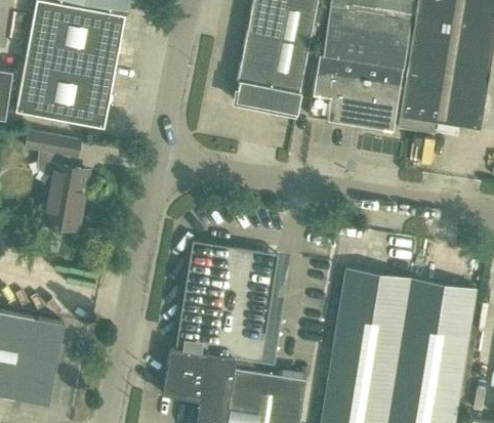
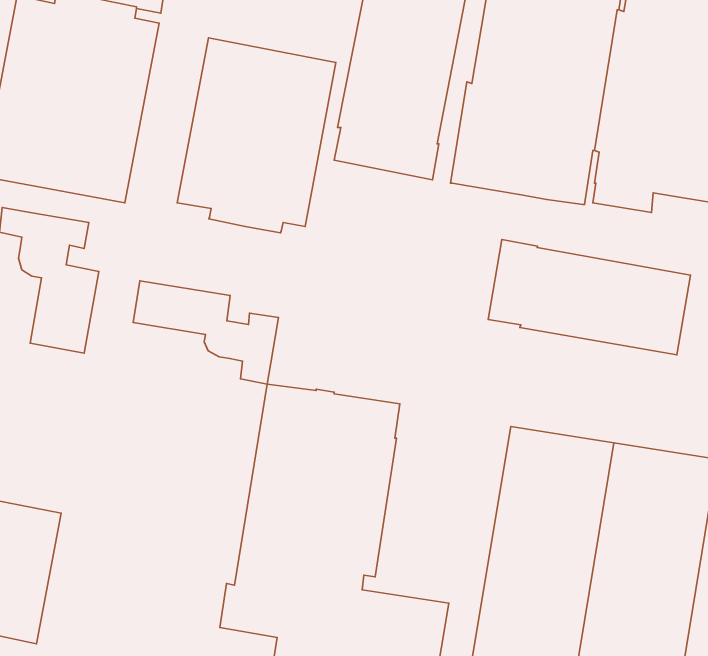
building: none -> [177,38,336,233]
building: none -> [488,240,690,355]
building: none -> [133,281,279,384]

